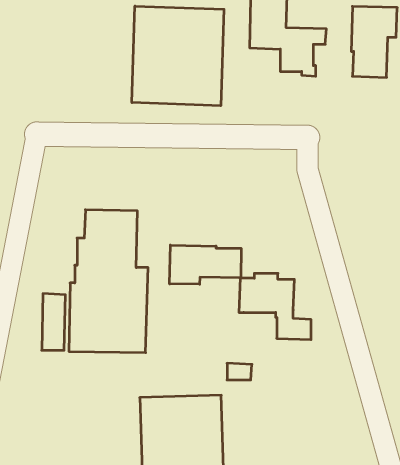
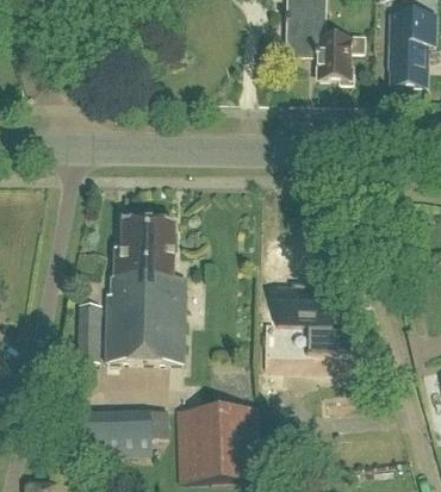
building: [132,6,224,106] -> none
building: [170,245,241,284] -> none
building: none -> [81,406,164,454]

